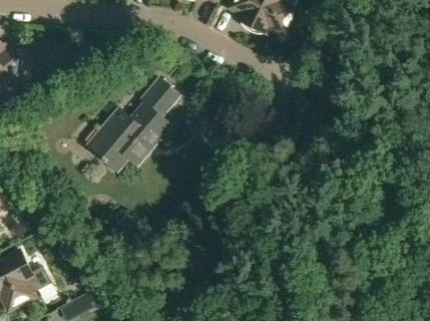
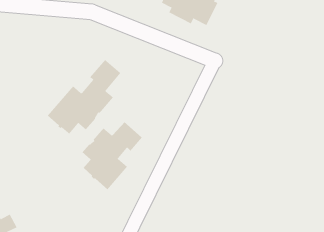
building: none -> [82,122,143,190]

